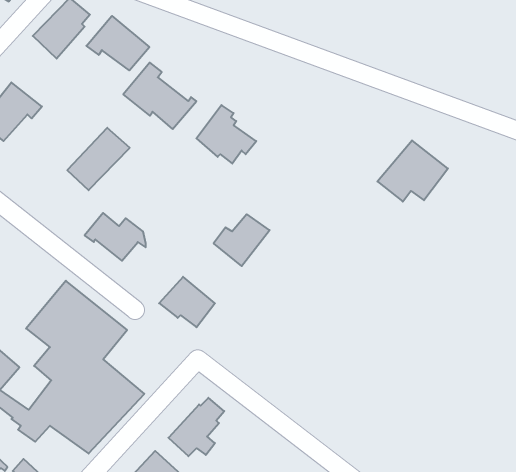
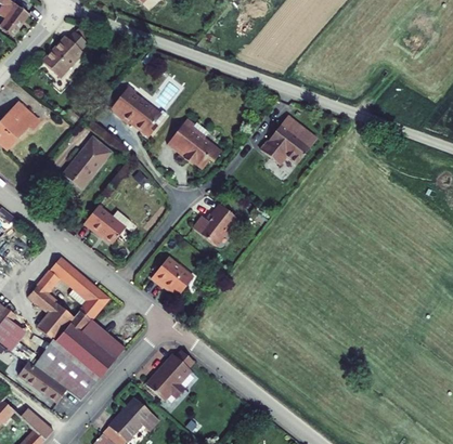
building: [86,16,149,70] -> none
building: [377,140,448,202] -> [261,114,319,164]

